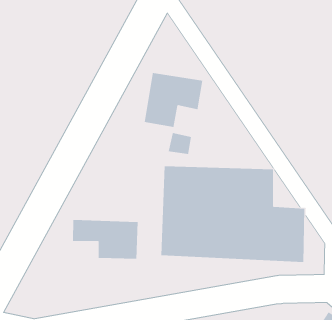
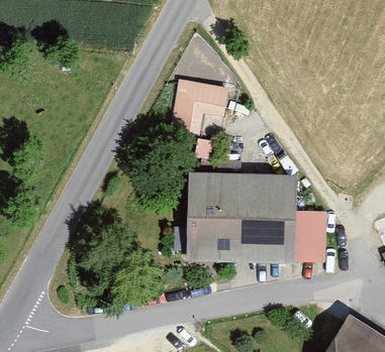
building: [73,219,138,260] -> none

